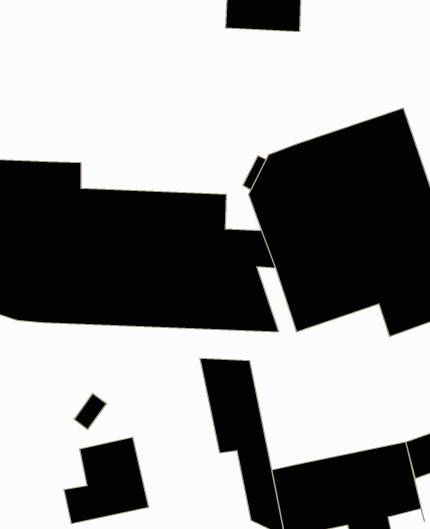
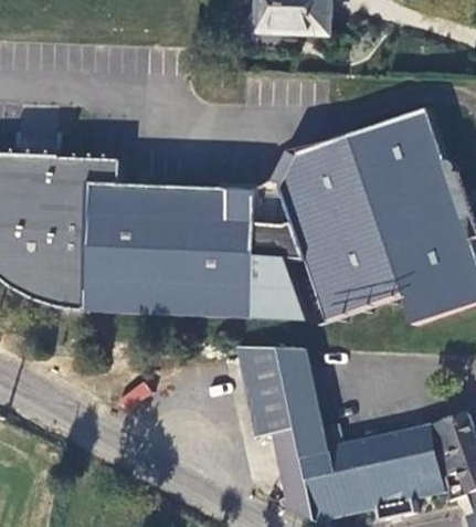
building: none -> [282,347,327,451]
building: [64,437,149,524] -> none

